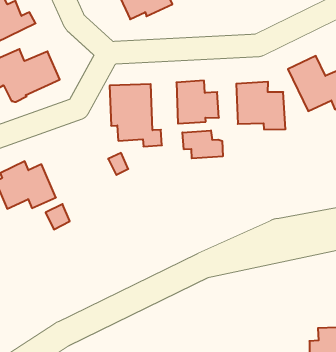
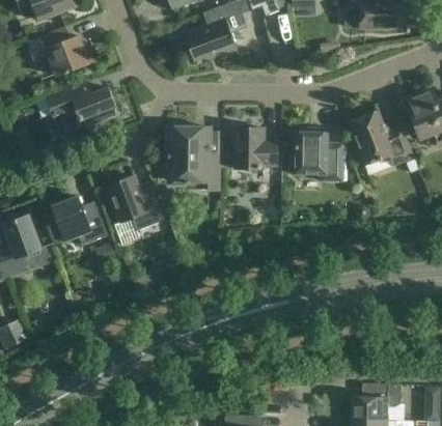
building: [182,130,223,158] -> none
building: none -> [108,176,164,246]

